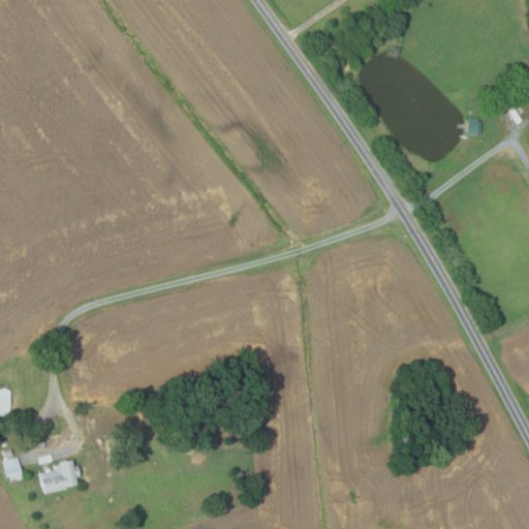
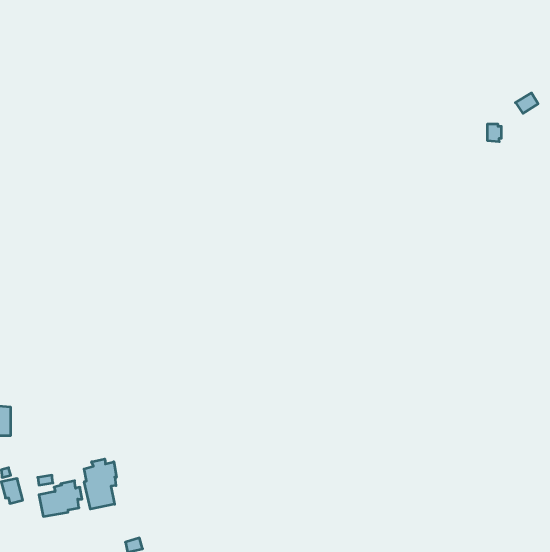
building: none -> [84,459,116,509]

